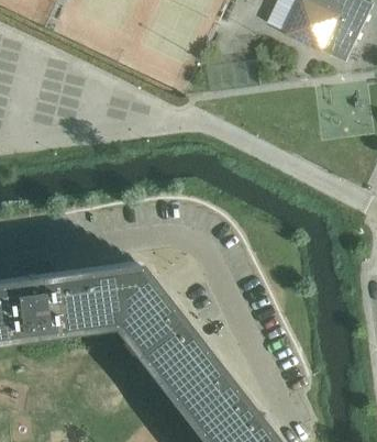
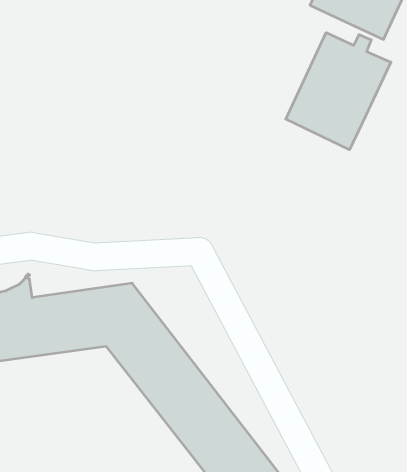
building: none -> [286,33,391,150]

